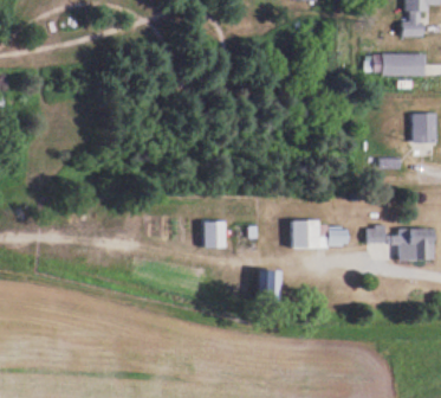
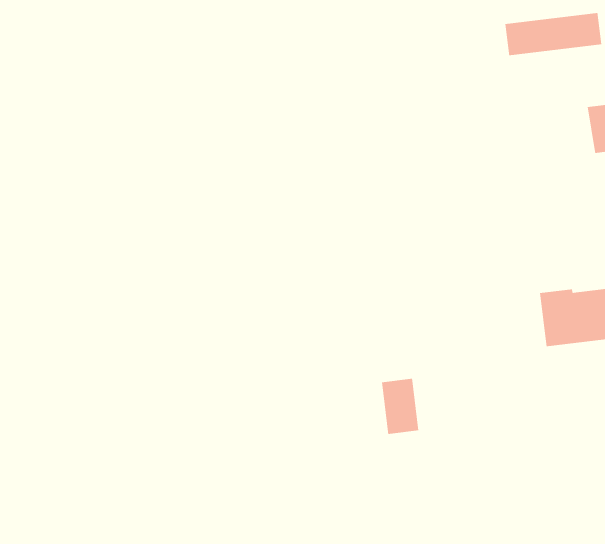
building: [292,219,349,248] -> none
building: [203,220,226,248] -> none

